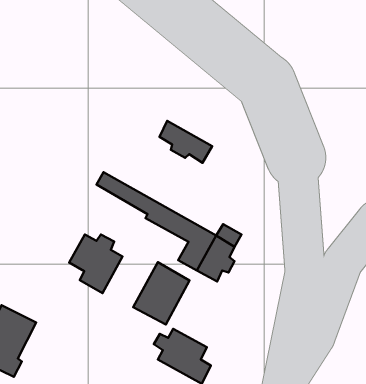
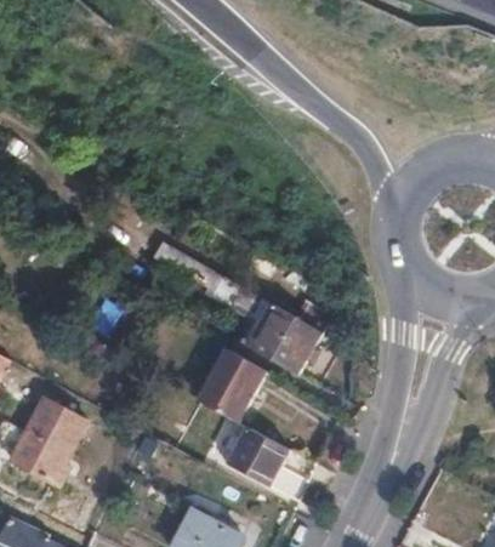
building: [160,121,212,163] -> none
building: [69,234,122,293] -> none

